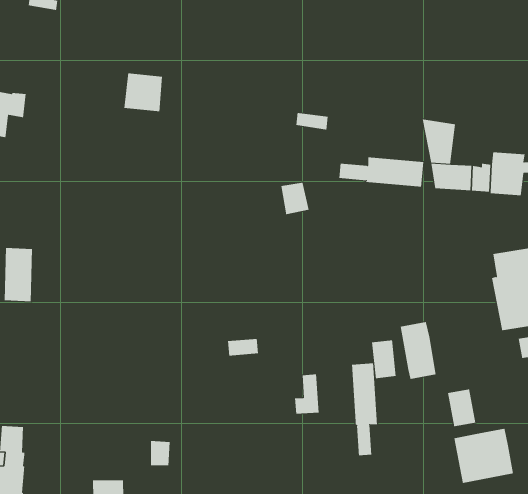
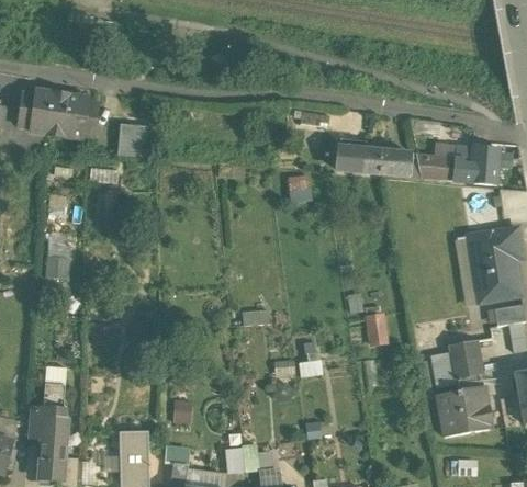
building: [124,73,163,112] -> [116,125,150,159]
building: none -> [48,97,96,139]
building: [400,322,436,380] -> [450,341,482,392]
building: [351,362,377,456] -> none

